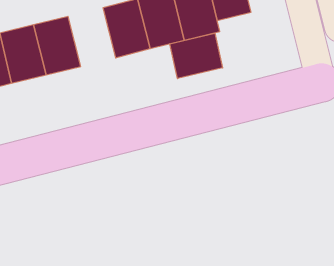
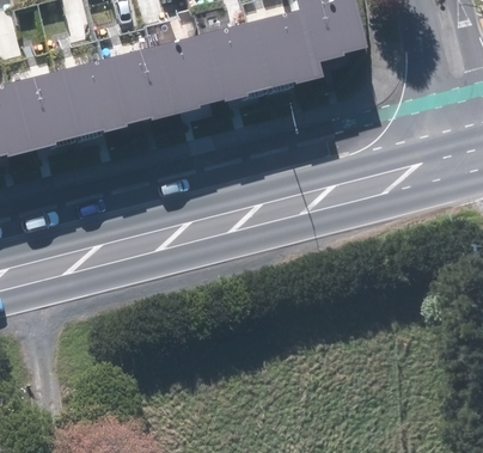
building: none -> [104,44,171,127]
building: [170,33,223,79] -> none

